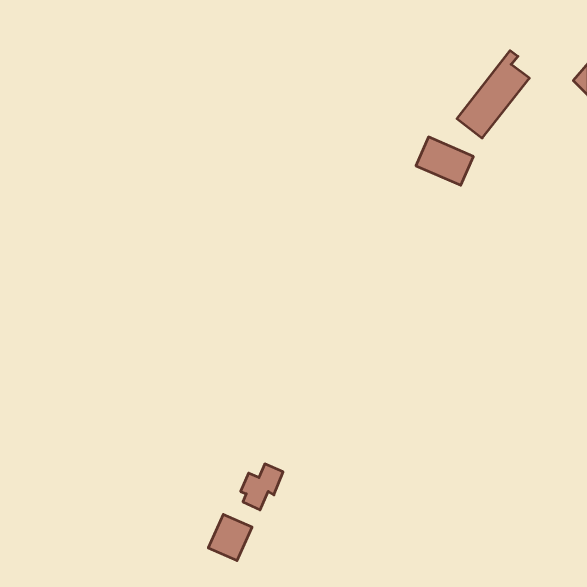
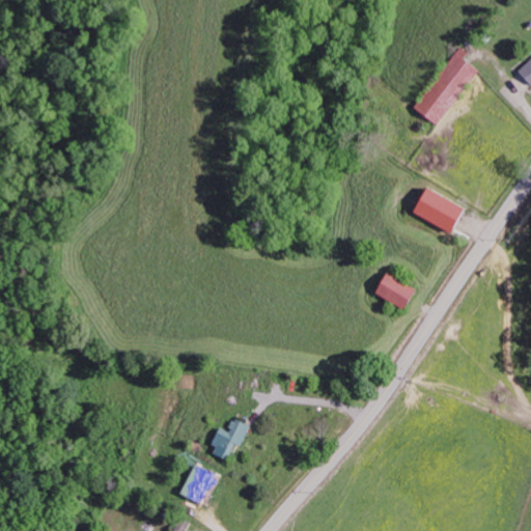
building: [416,137,473,185] -> [408,187,459,230]
building: none -> [372,272,411,306]

